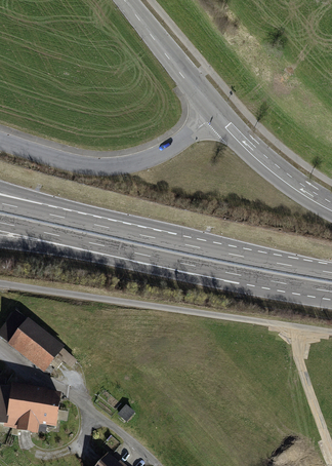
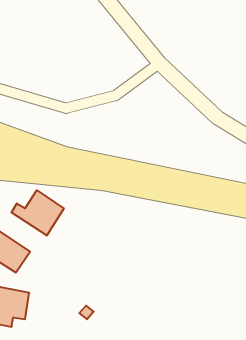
building: none -> [12,190,64,236]

